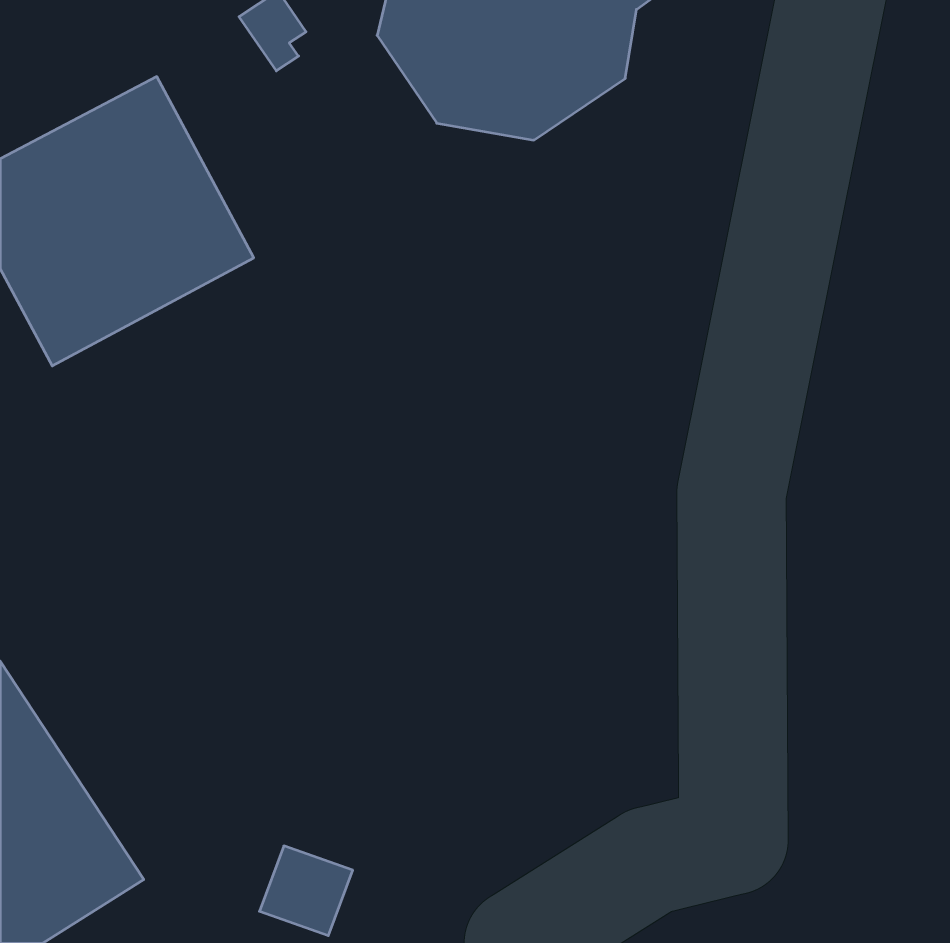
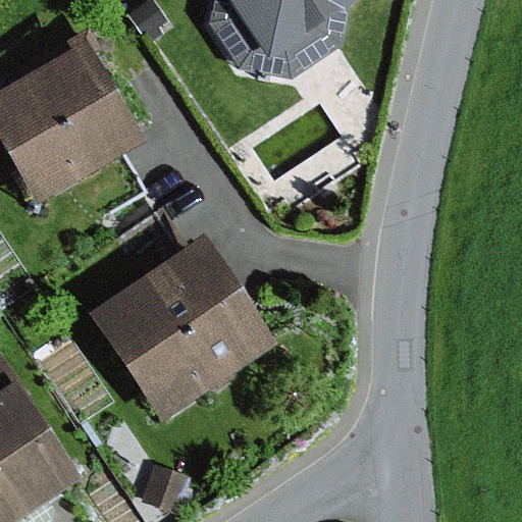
building: none -> [89,237,273,418]

